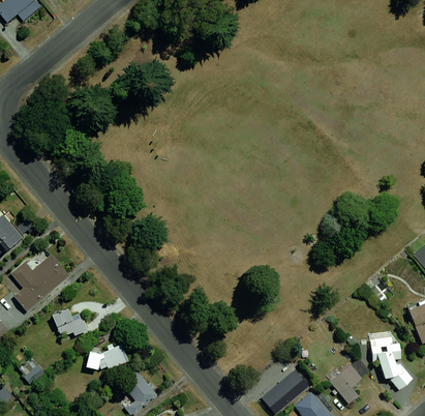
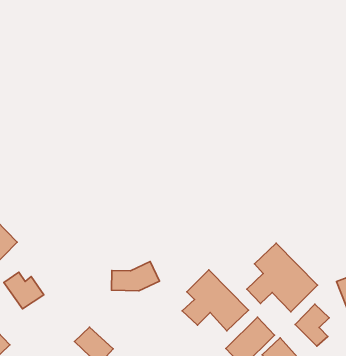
building: none -> [247,243,318,312]
building: none -> [182,270,249,331]
building: [86,339,132,366] -> [112,261,160,291]

